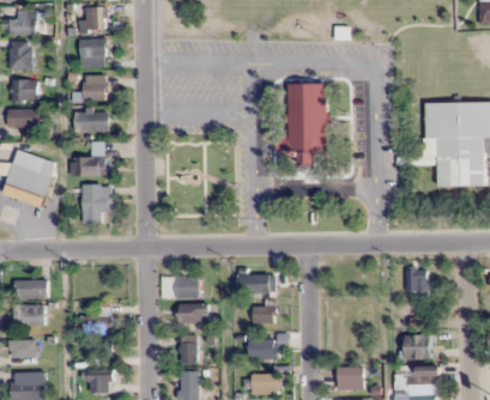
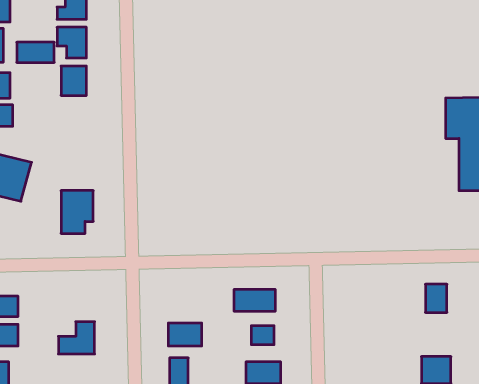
building: [290,84,327,157] -> none
building: [77,113,110,131] -> [17,42,54,62]
building: [77,157,107,176] -> none
building: [162,275,199,298] -> none

